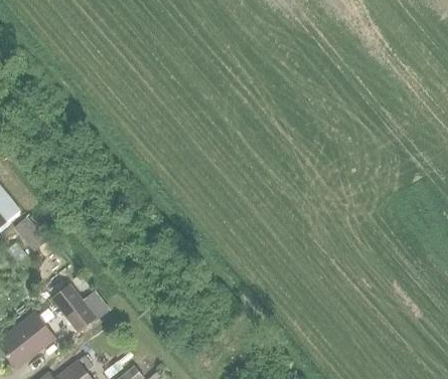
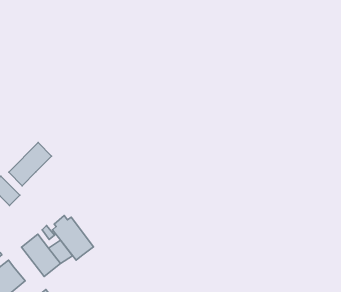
building: none -> [9,143,52,186]
building: none -> [52,216,93,260]

